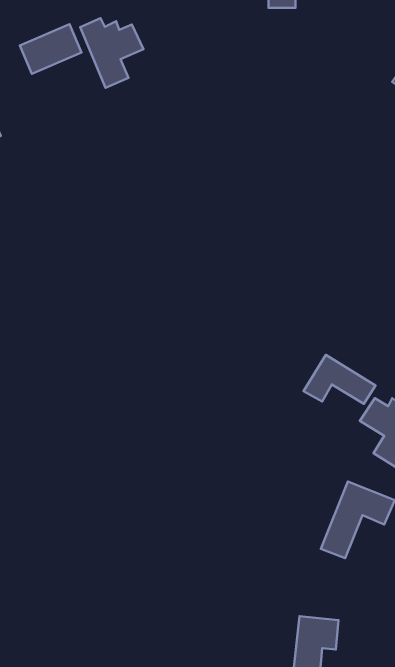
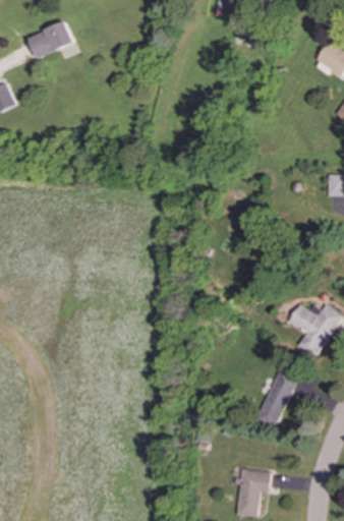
building: [80,18,143,88] -> none
building: [304,355,375,404] -> none

